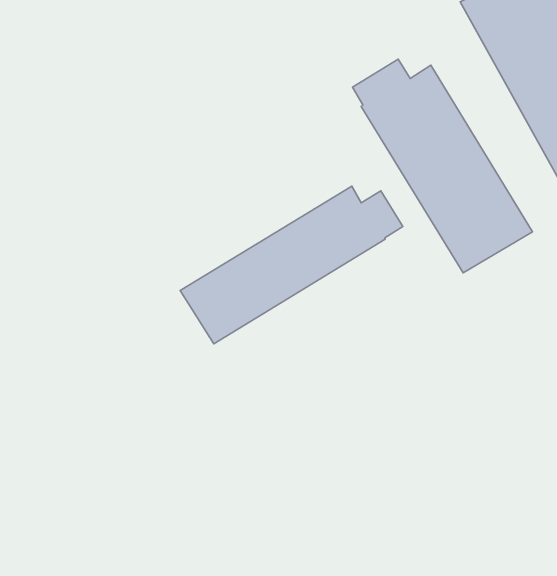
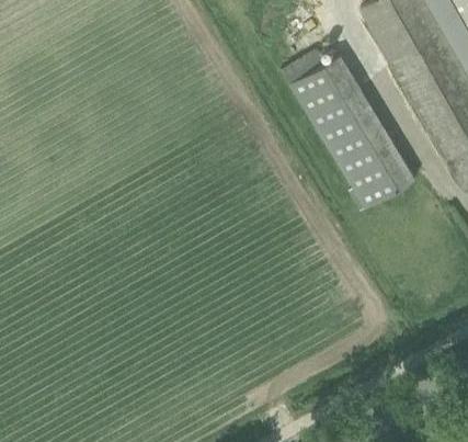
building: [180,186,403,344] -> none

